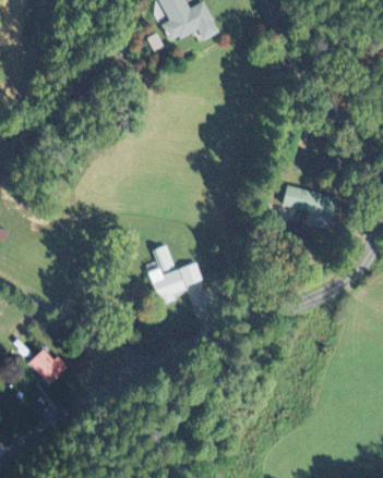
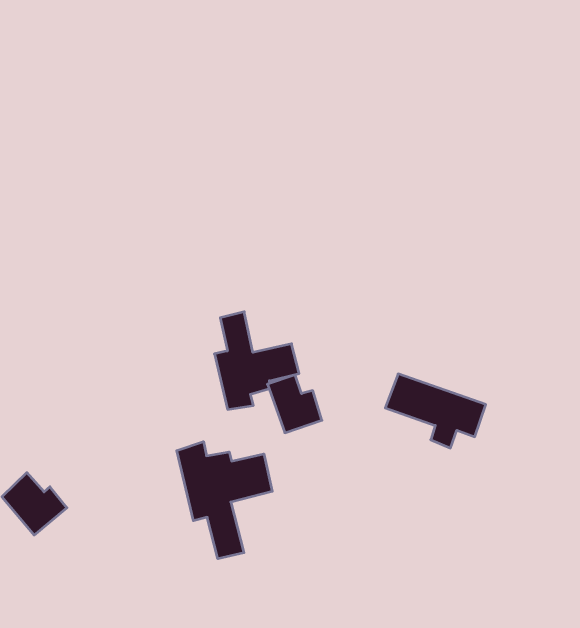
building: [275,182,335,224] -> [385,374,486,448]
building: none -> [177,442,272,559]

